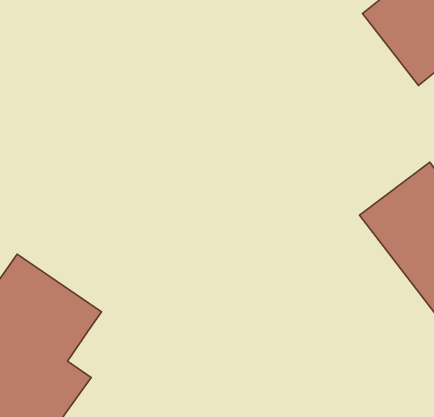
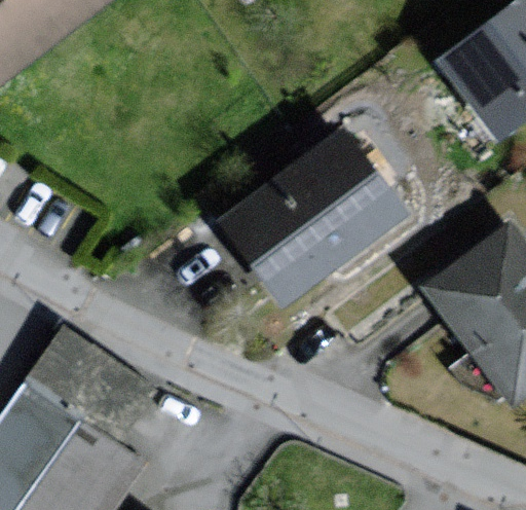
building: none -> [220,130,407,307]

